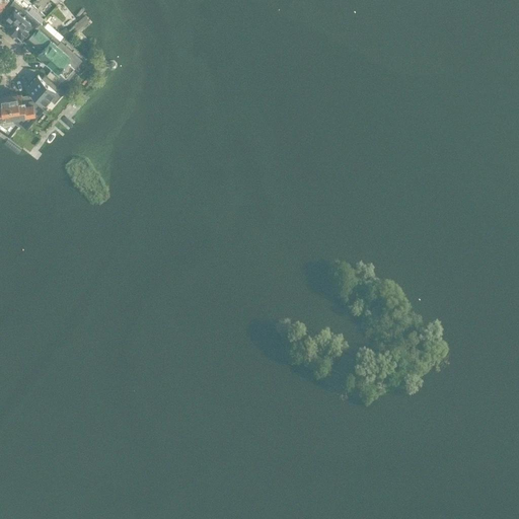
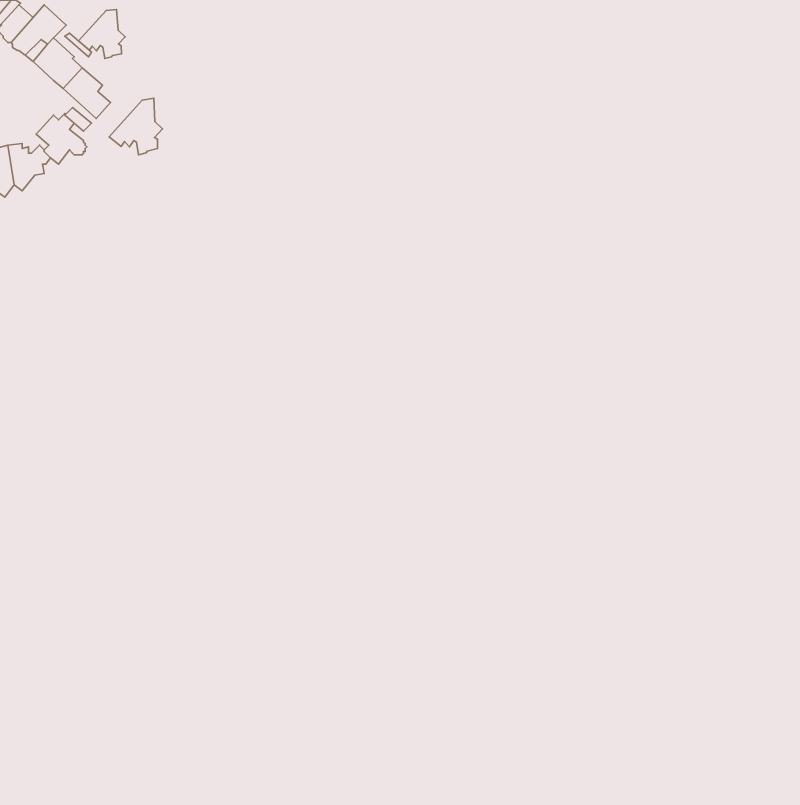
building: none -> [78,10,125,58]
building: none -> [109,98,162,155]

